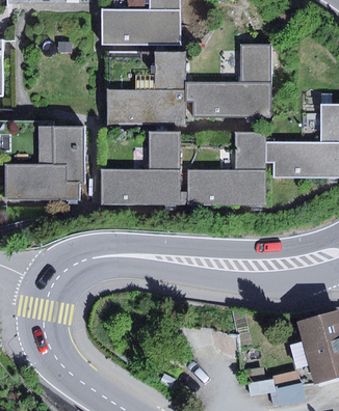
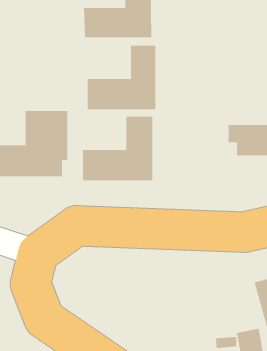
building: [184,45,270,116] -> none
building: [189,132,265,205] -> none

